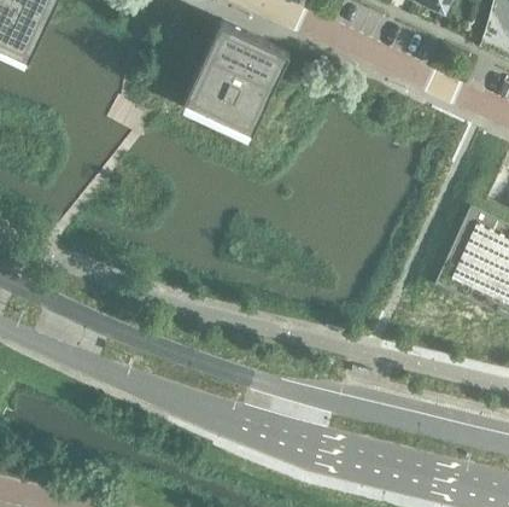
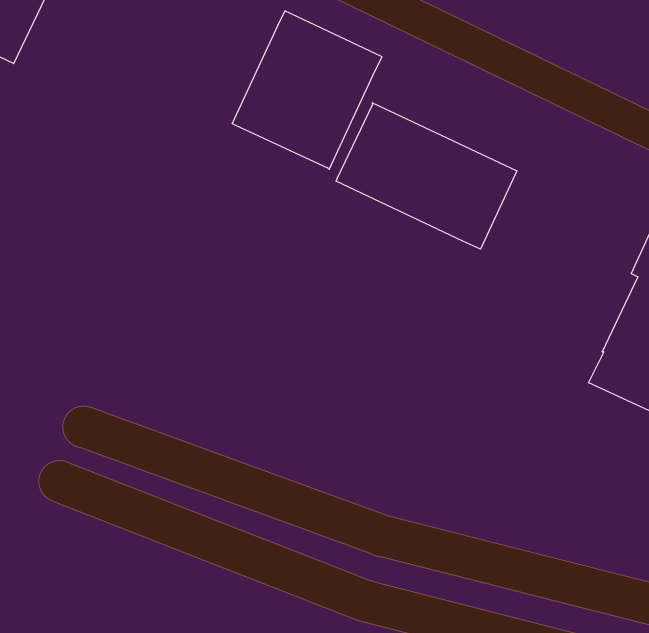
building: none -> [336,103,517,249]

